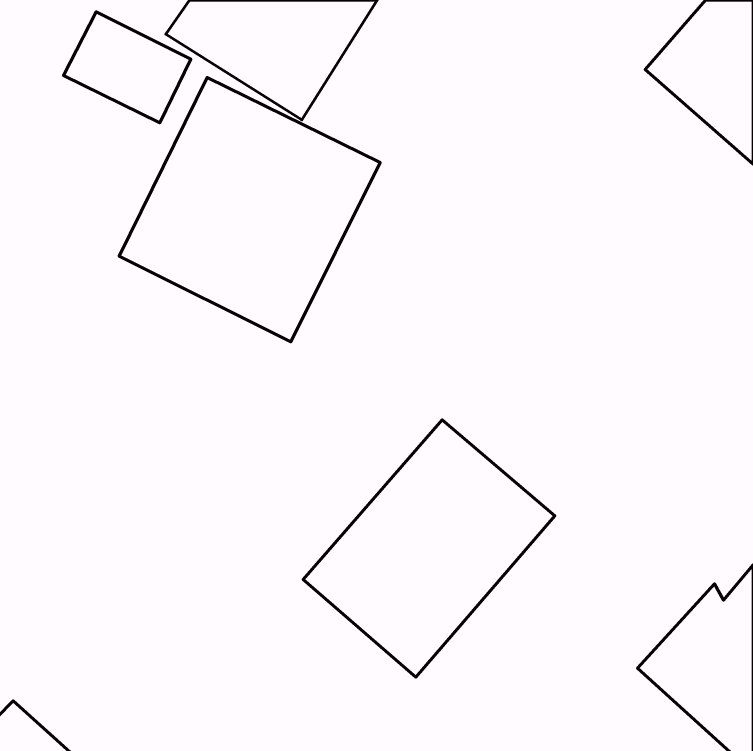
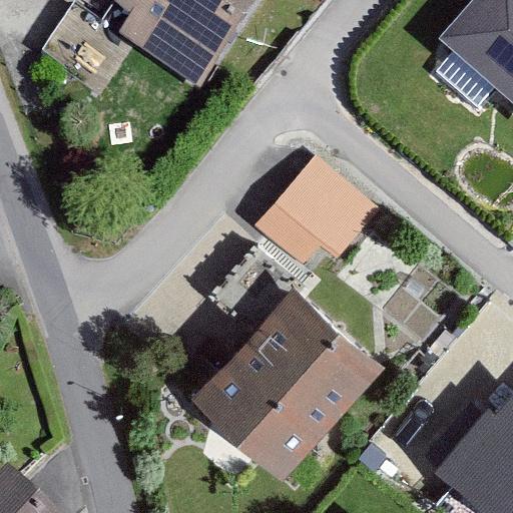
building: [119,77,380,342] -> none
building: none -> [254,157,377,281]

